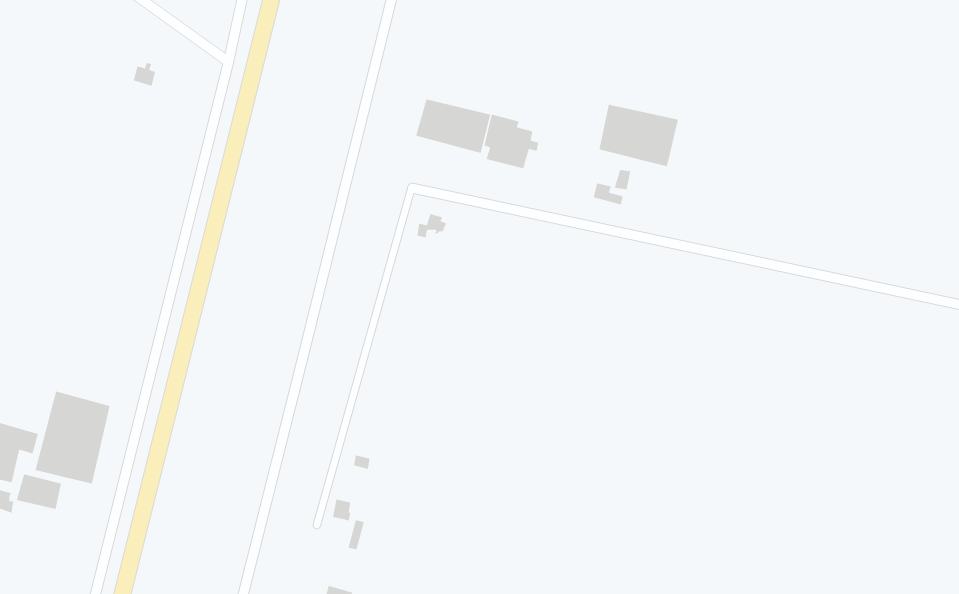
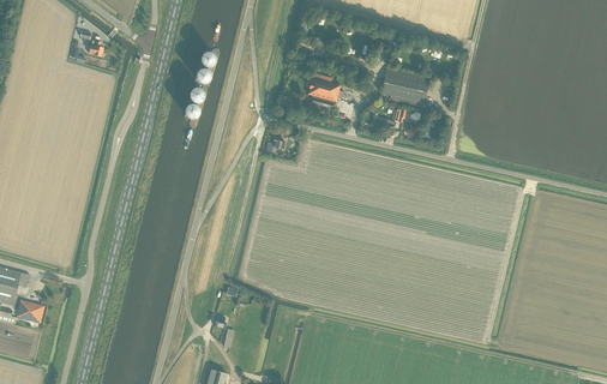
building: [415,98,491,154] -> none
building: [34,391,110,484] -> none

